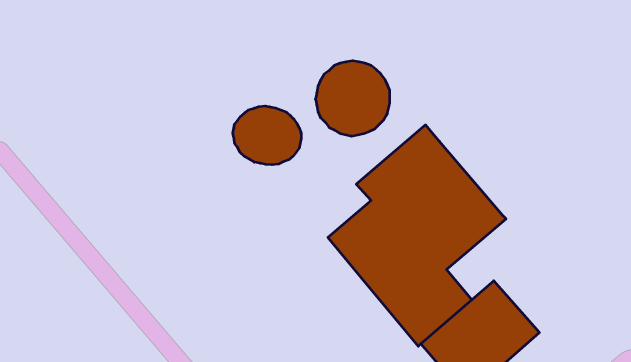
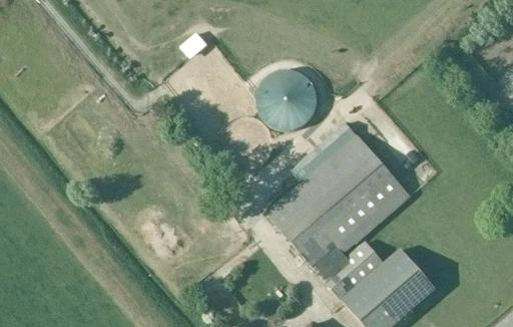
building: [233,106,301,165] -> none

